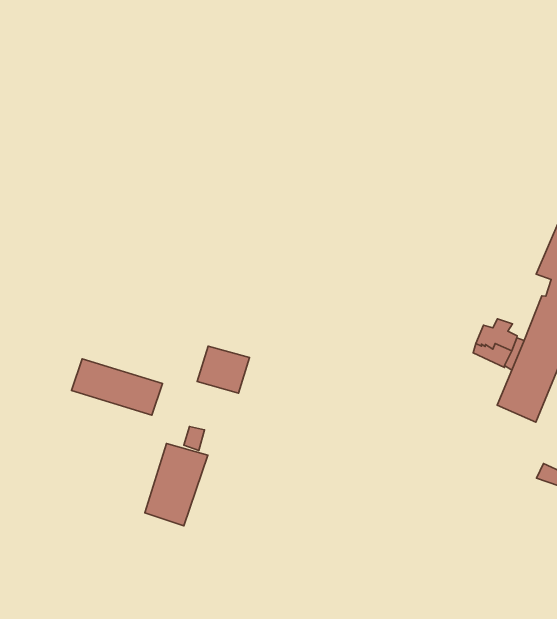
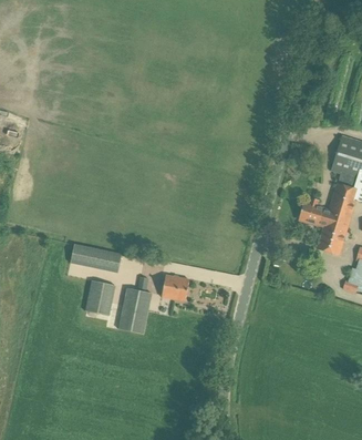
building: [197,346,249,393] -> [159,275,188,300]
building: none -> [84,280,114,316]

